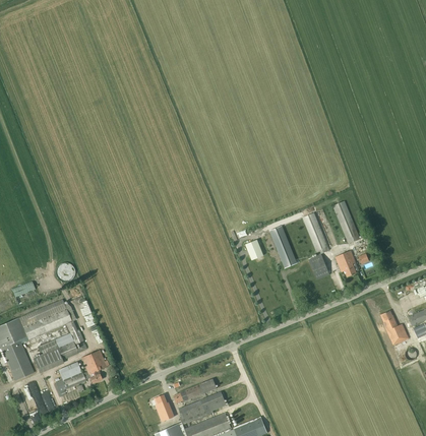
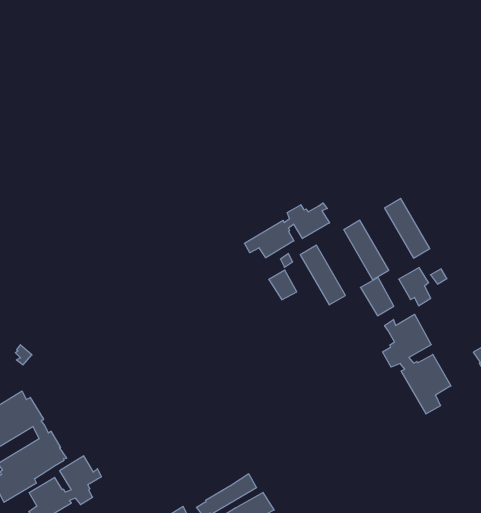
building: none -> [244,203,330,258]
building: none -> [383,314,451,414]

